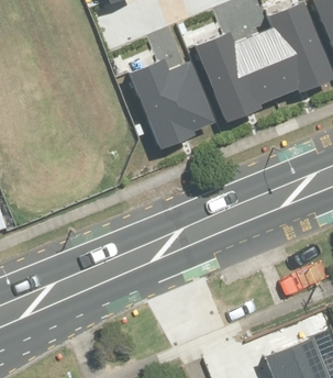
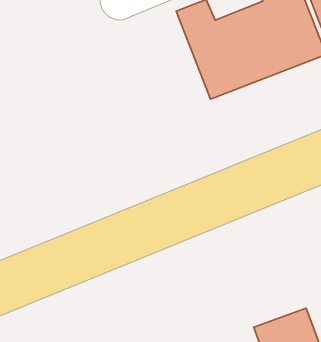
building: [125,52,210,145] -> none

